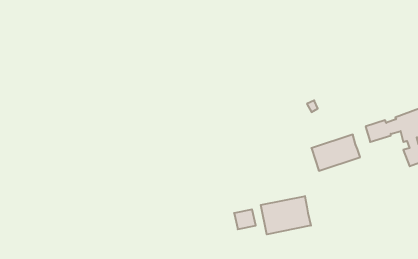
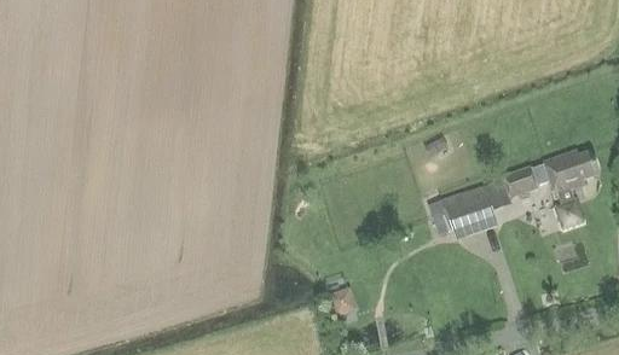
building: [261,196,311,234] -> none

